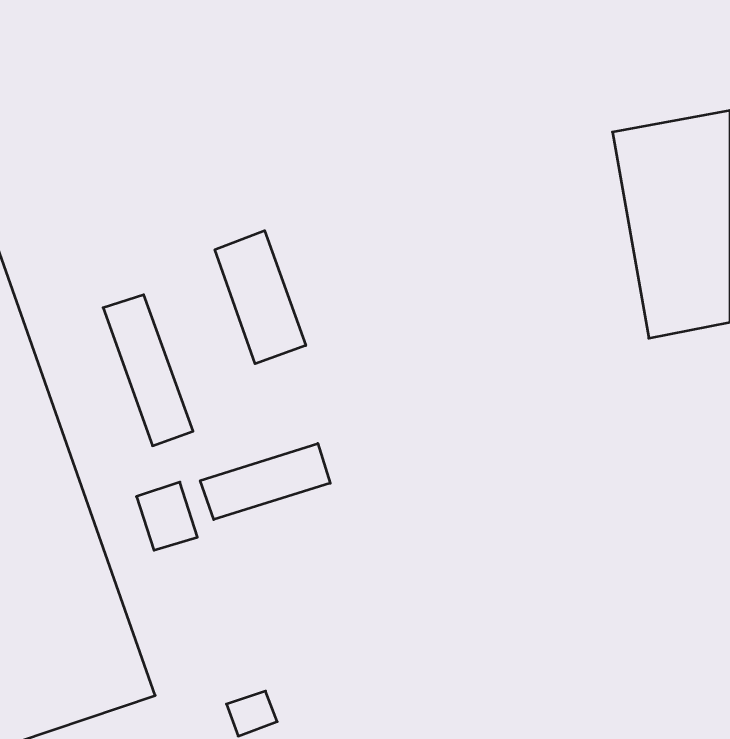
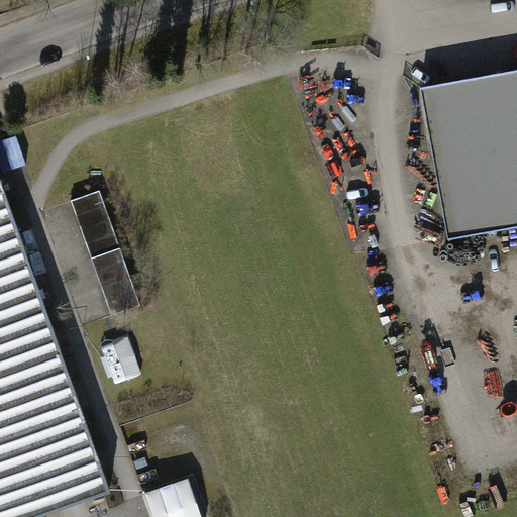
building: [215,231,306,364] -> none
building: [200,443,330,520] -> none

